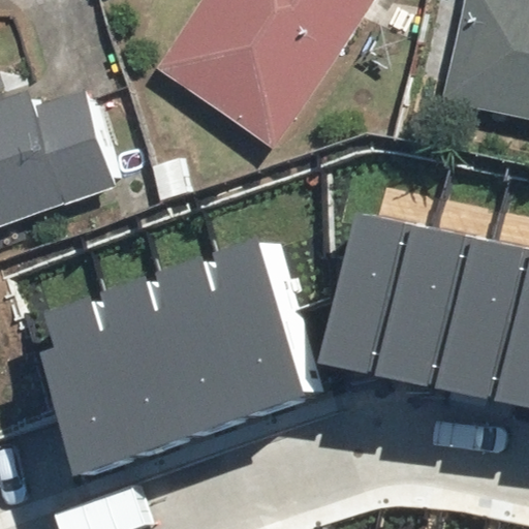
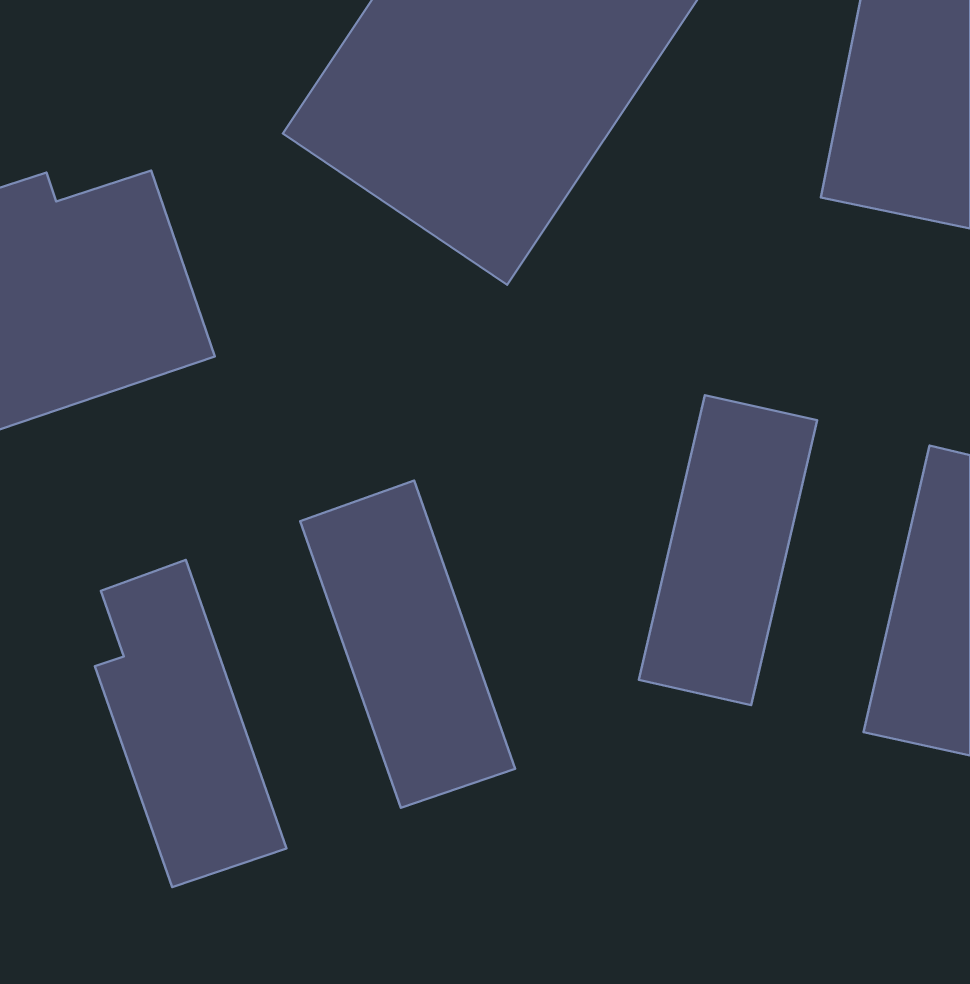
building: [401,224,496,391] -> none
building: [221,236,336,410] -> none
building: [99,278,214,453] -> none

